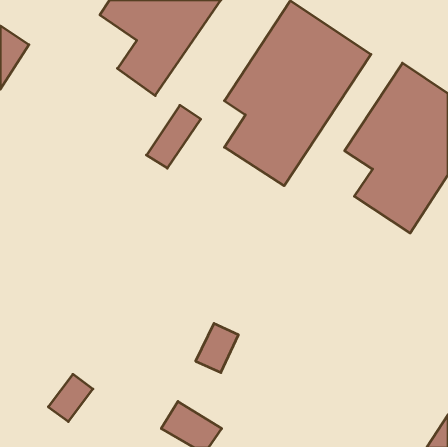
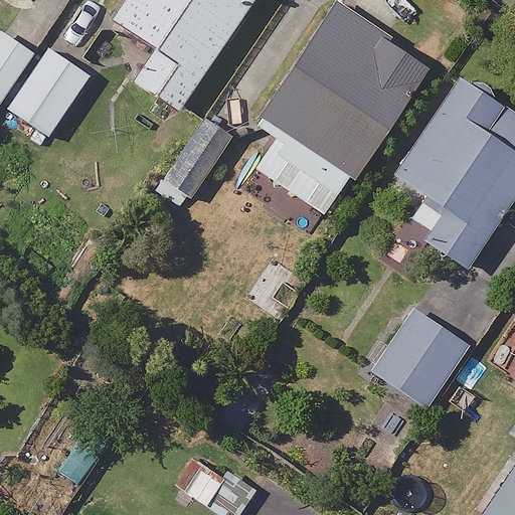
building: none -> [9,46,93,137]
building: none -> [372,307,471,407]

